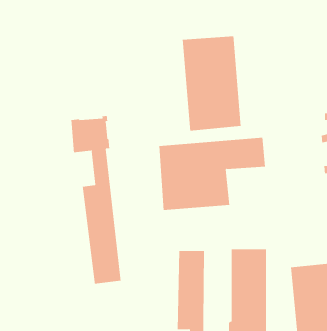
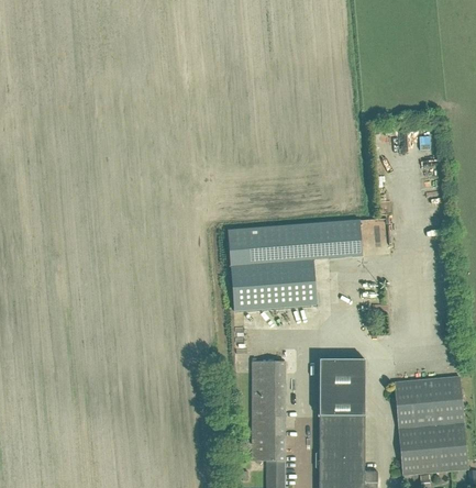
building: [182,35,241,131] -> none
building: [71,115,121,284] -> none

